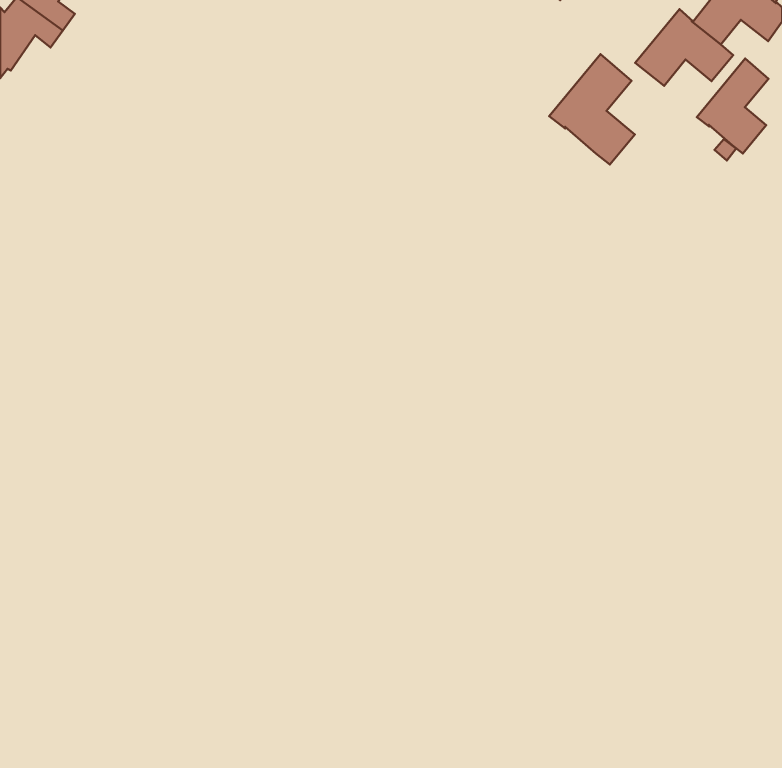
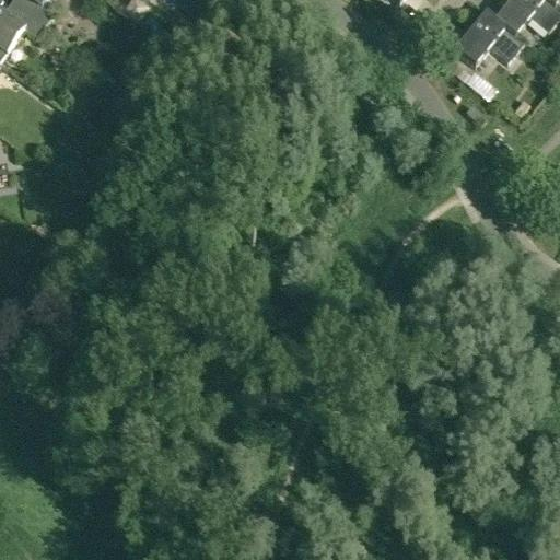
building: [549,54,635,165] -> none
building: [697,59,768,154] -> none

